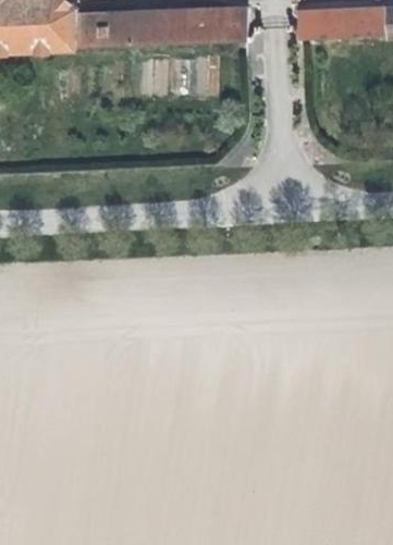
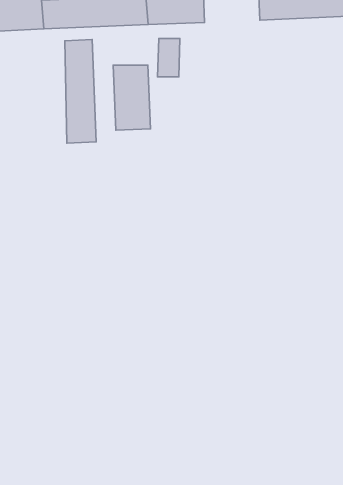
building: none -> [65,40,96,143]
building: none -> [113,65,150,130]

